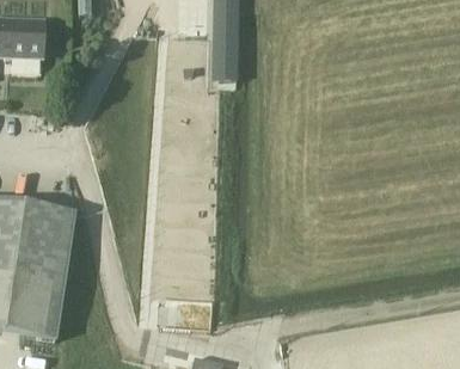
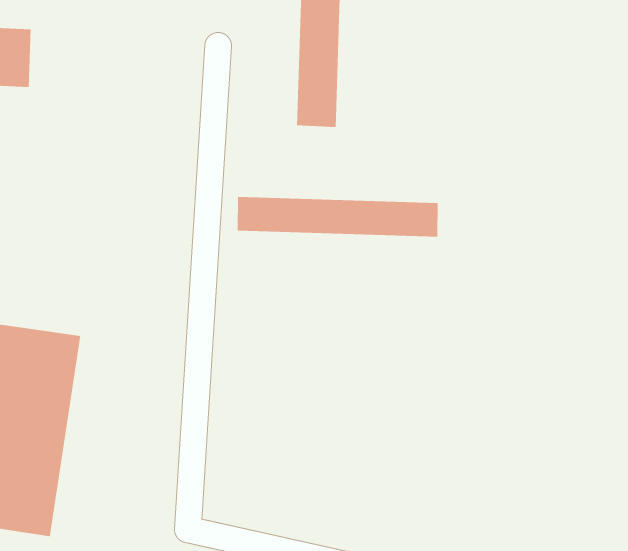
building: none -> [237,196,438,237]

